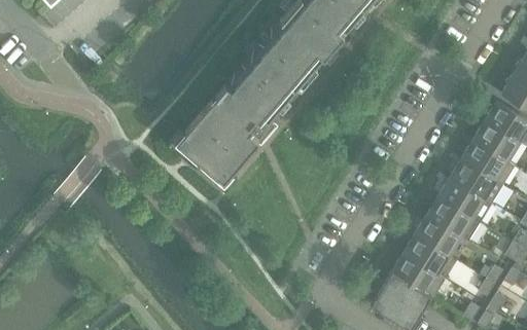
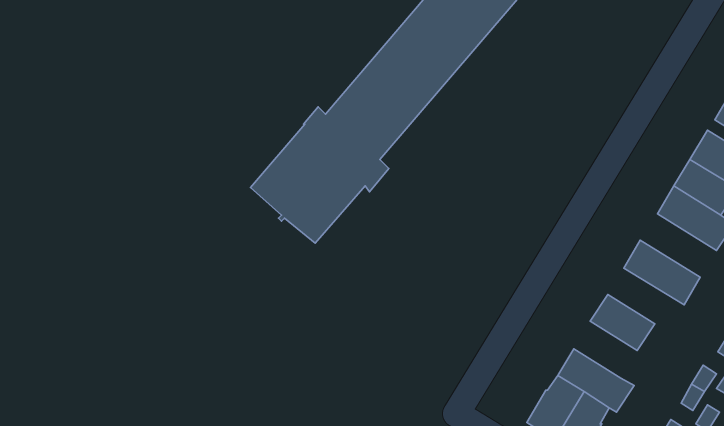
building: [449,160,502,205] -> none
building: [426,198,480,243] -> none
building: [402,235,447,276] -> none

